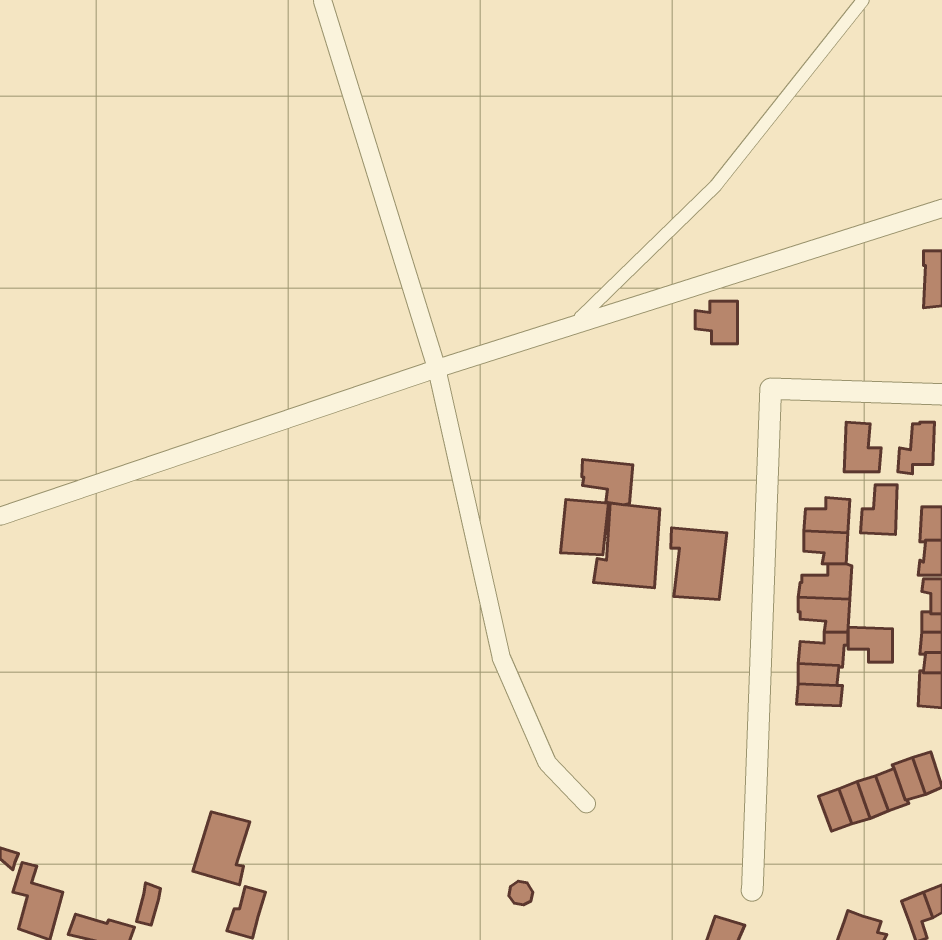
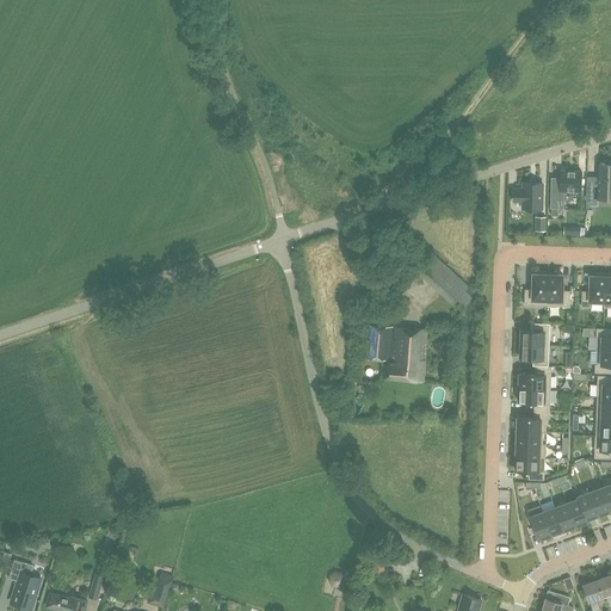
building: none -> [550,171,581,209]
building: [695,301,737,344] -> [513,181,541,209]
building: [582,460,633,505] -> none
building: [860,485,897,535] -> [524,274,548,307]
building: [671,528,727,600] -> none
building: [848,627,893,662] -> [516,457,544,480]
building: [193,812,250,885] -> none

